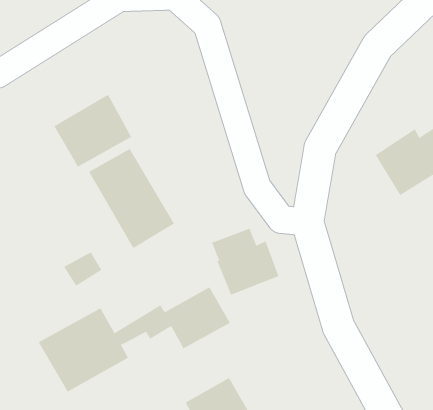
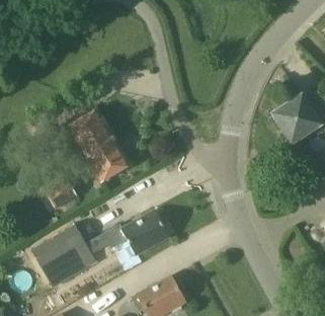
building: [53,94,132,167] -> none
building: [211,228,279,295] -> none

